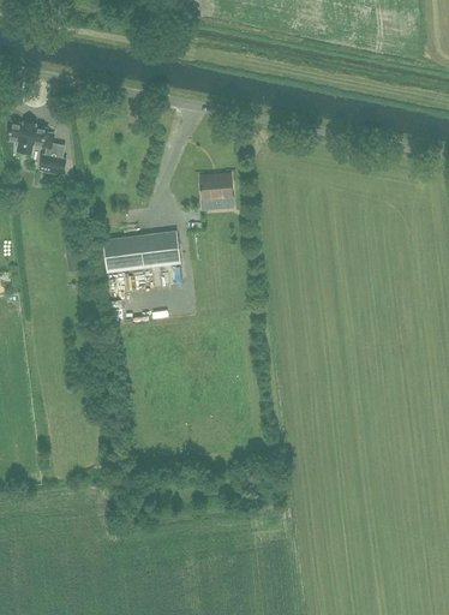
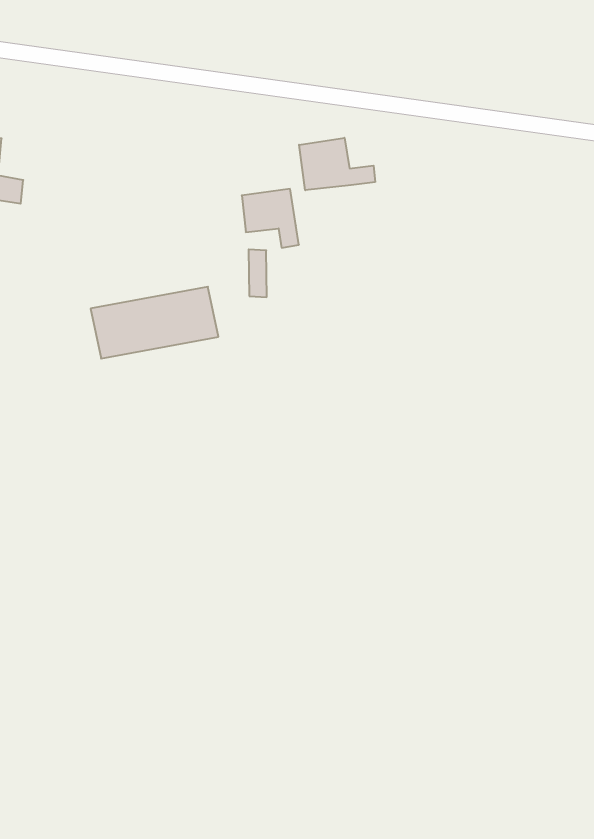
building: none -> [299,138,375,190]

